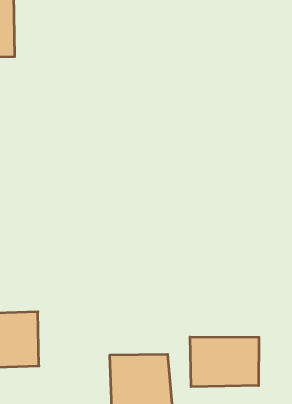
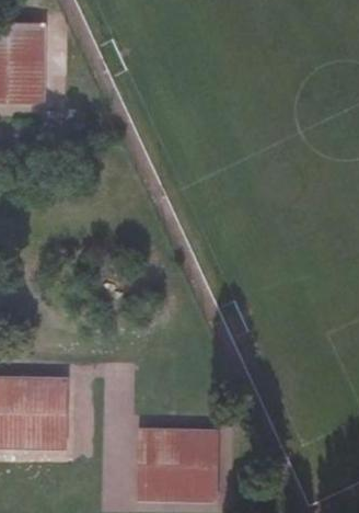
building: [190,337,259,387] -> none

